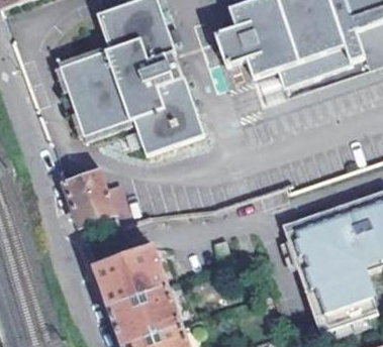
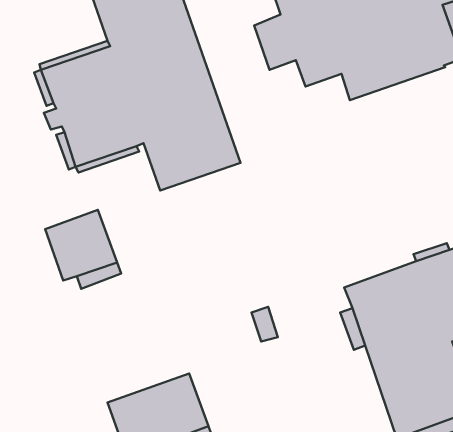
building: [94,245,168,308] -> none

